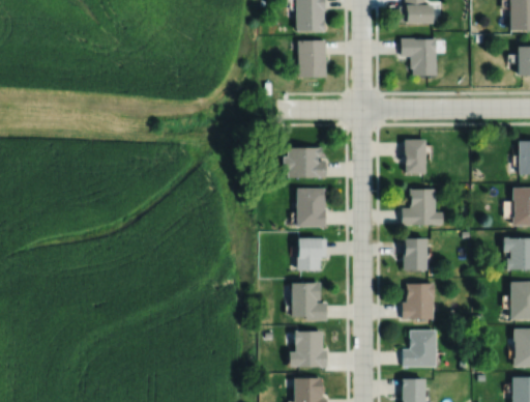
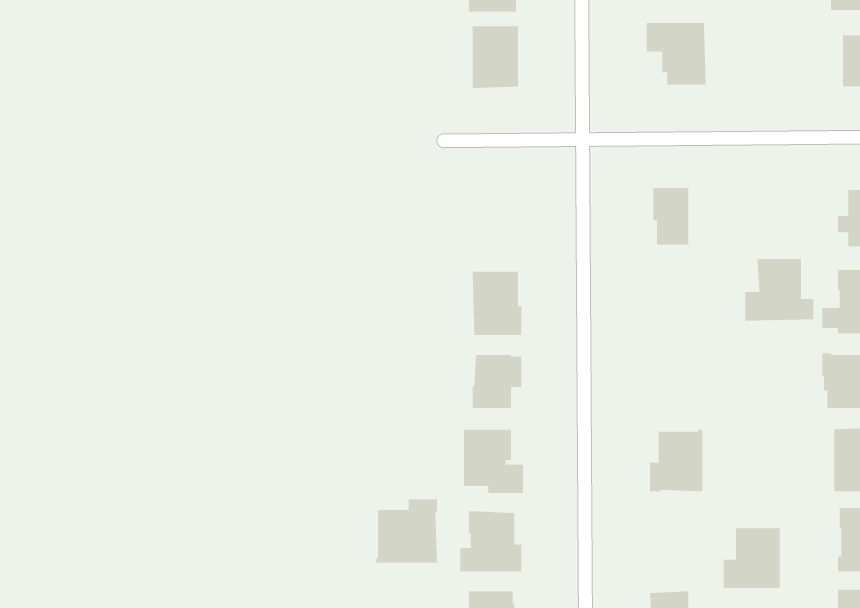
building: [283,146,325,176] -> none
building: [402,188,443,225] -> [744,259,814,321]
building: [404,237,428,269] -> none
building: none -> [376,499,438,564]
building: [403,331,437,367] -> [723,528,780,589]

